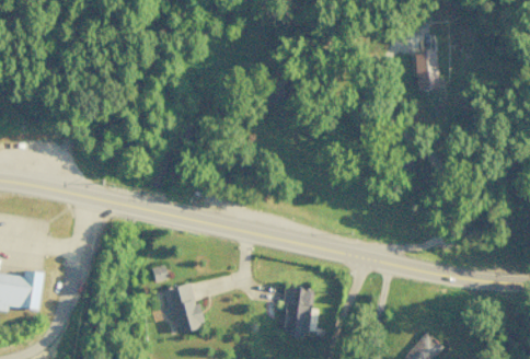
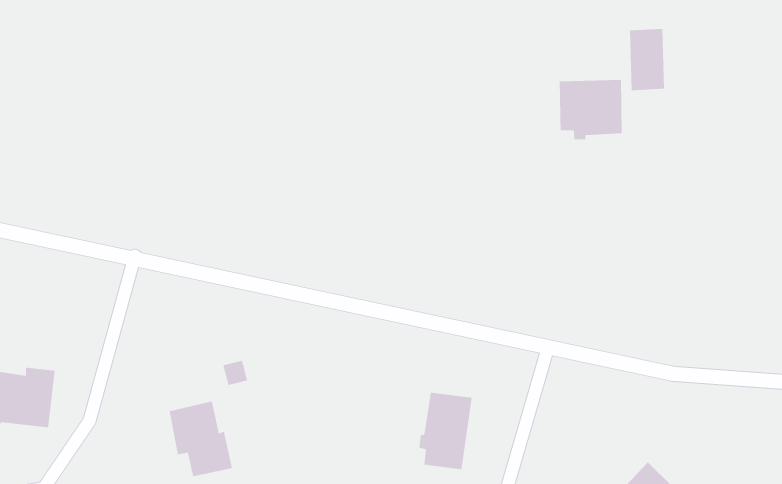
building: none -> [559,79,622,140]
building: [163,283,205,333] -> [169,401,233,477]

